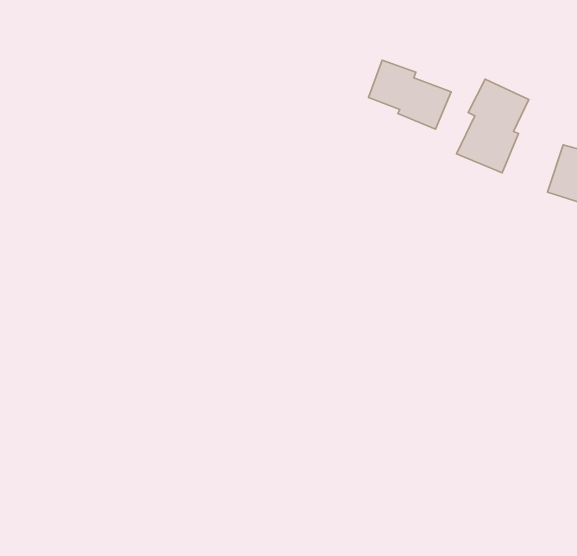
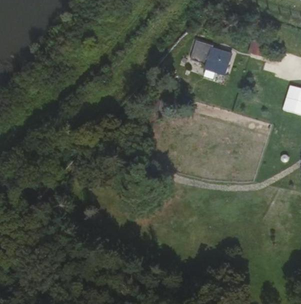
building: [457,79,529,173] -> none

